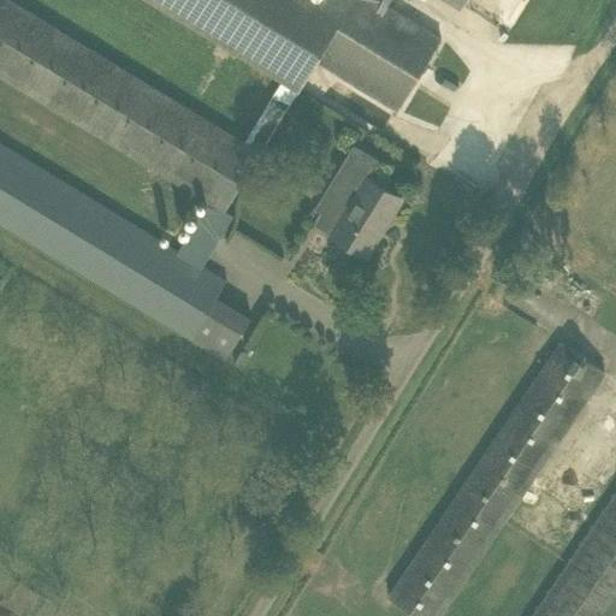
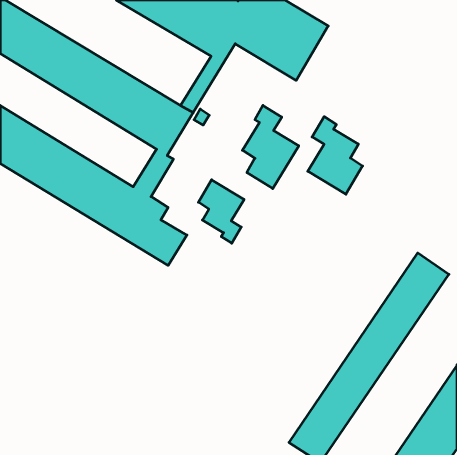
building: none -> [308,117,363,194]
building: none -> [198,180,244,243]

